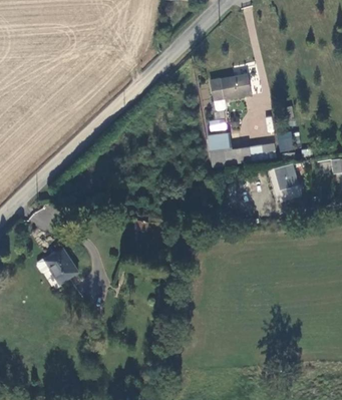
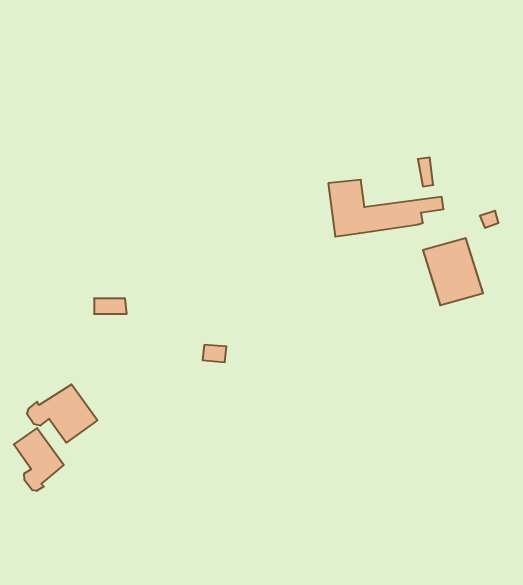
building: [215,72,252,107] -> none
building: none -> [14,428,64,491]

